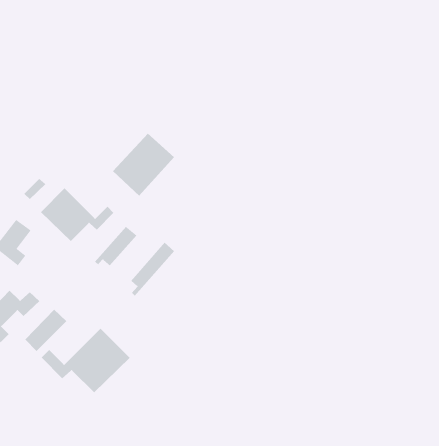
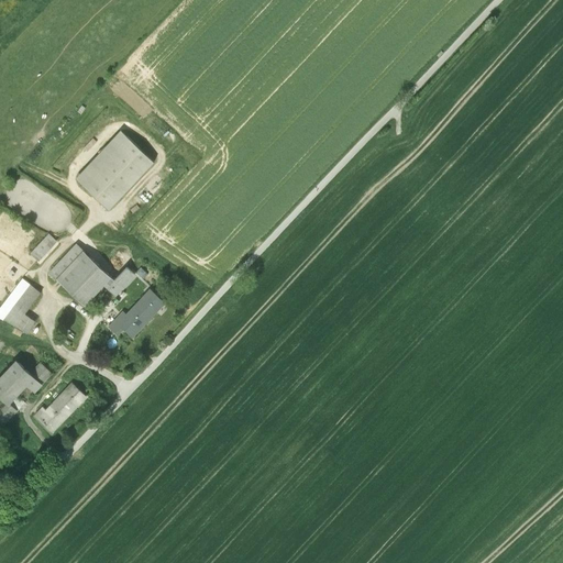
building: [112,133,175,196] -> [67,129,146,209]
building: [130,242,175,297] -> none
building: [41,328,131,393] -> none

